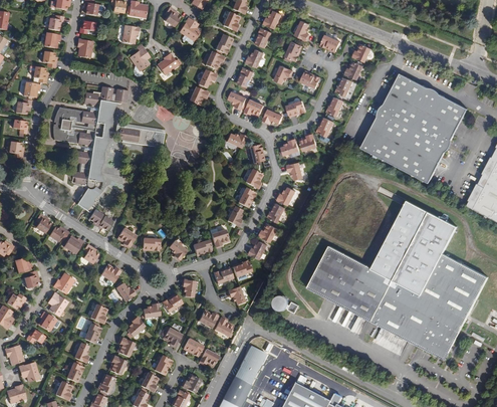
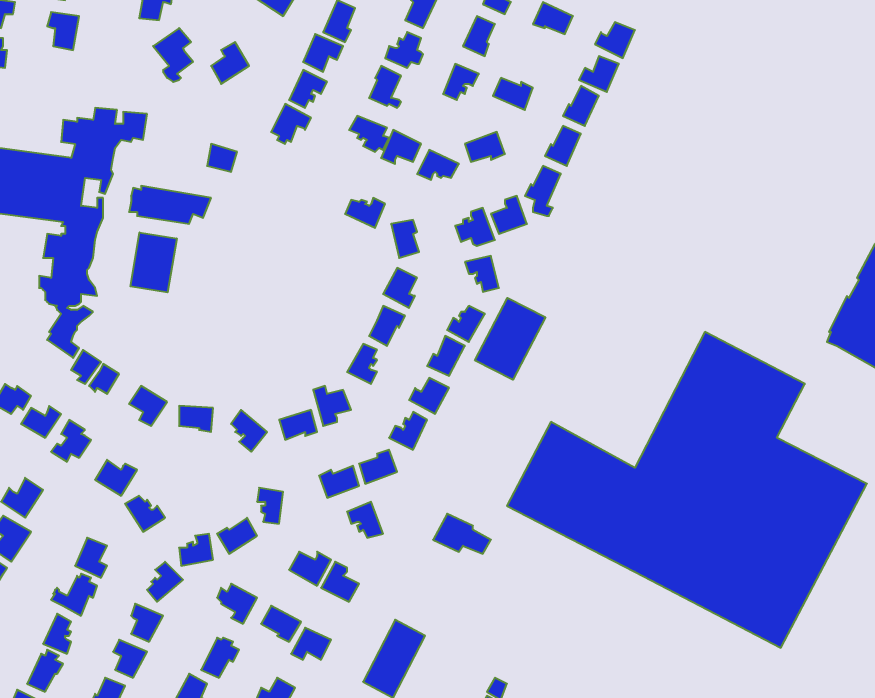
building: [359,71,466,181] -> none
building: none -> [130,232,177,292]
building: none -> [475,298,545,380]

